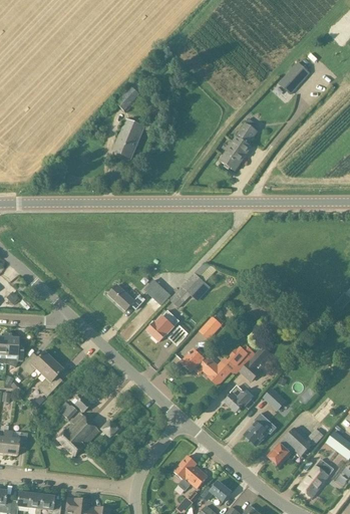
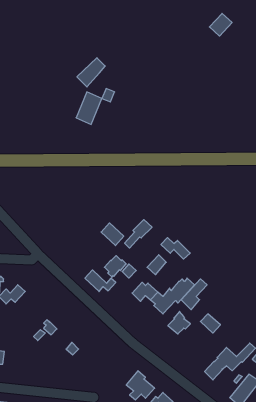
building: [283,61,310,88] -> [209,13,232,36]
building: [220,117,257,171] -> none
building: [108,284,145,310] -> [85,270,116,292]
building: none -> [161,238,190,259]
building: [39,359,62,394] -> none
building: [244,412,269,445] -> none
building: [55,414,98,456] -> none

